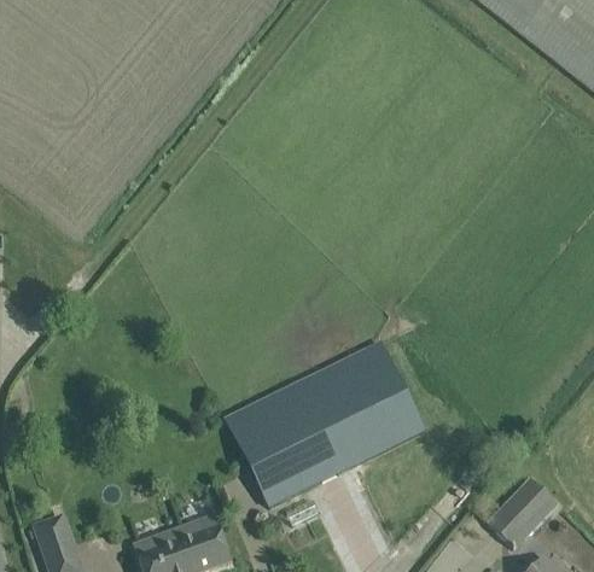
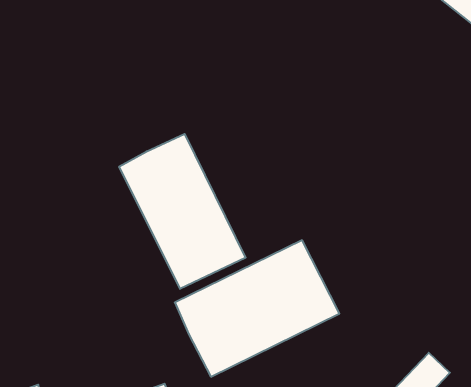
building: none -> [119,134,246,289]

